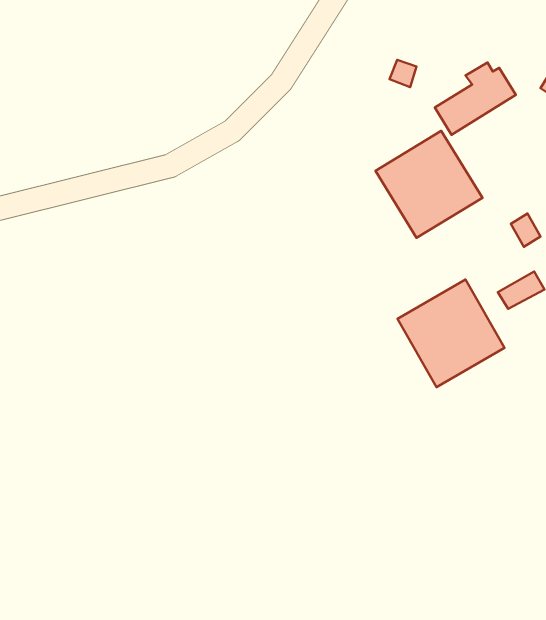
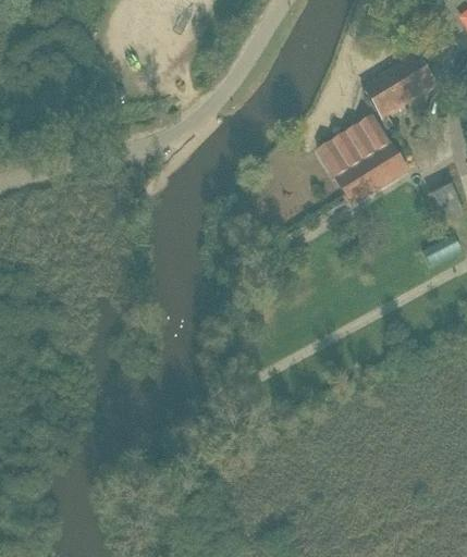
building: [397,280,505,387] -> none

